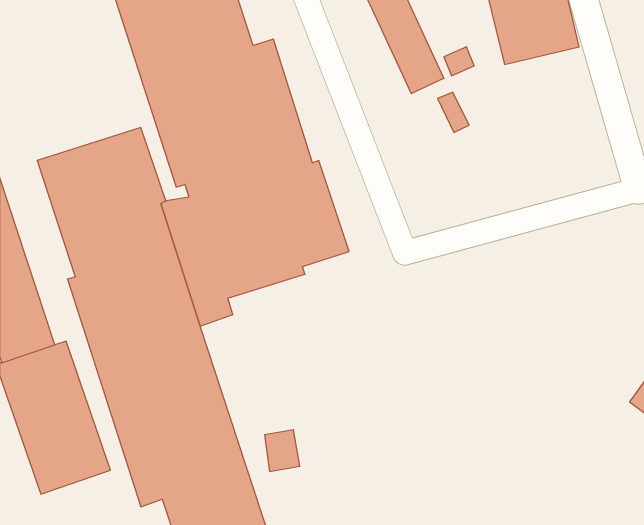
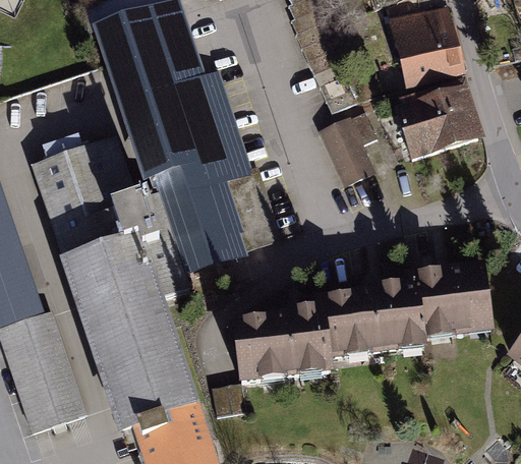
building: none -> [395,78,482,158]
building: none -> [319,116,375,185]
building: none -> [234,265,493,381]

